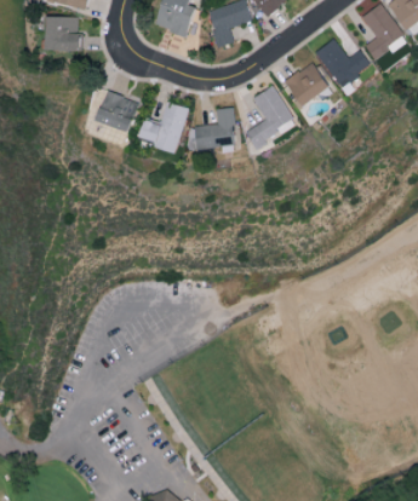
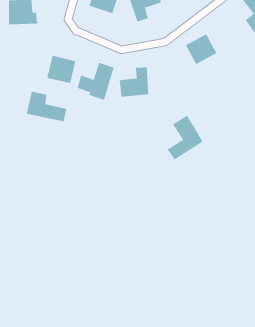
building: [314,39,371,88] -> none
building: [245,85,294,146] -> [167,115,204,160]
building: none -> [26,91,67,122]

